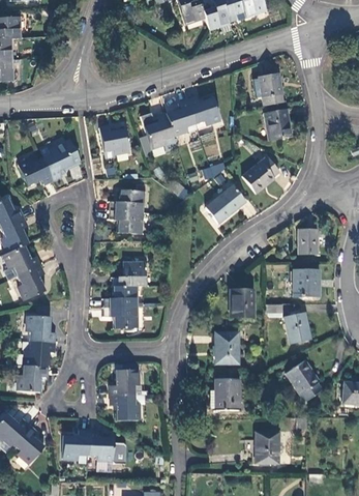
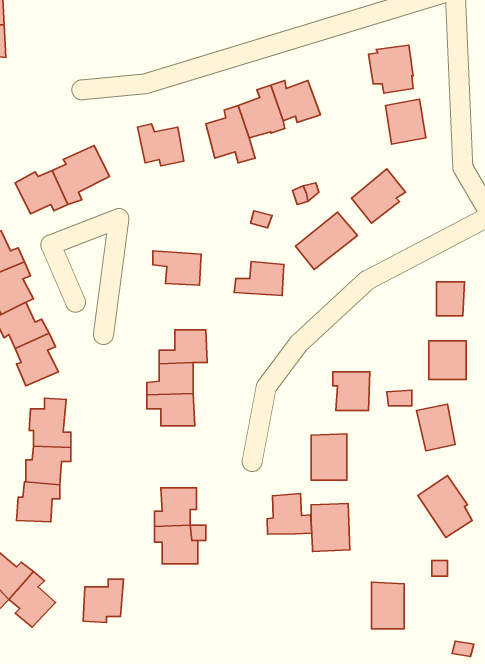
building: [109,189,142,212] -> [234,261,284,295]
building: none -> [267,494,312,534]
building: [87,430,113,460] -> none

